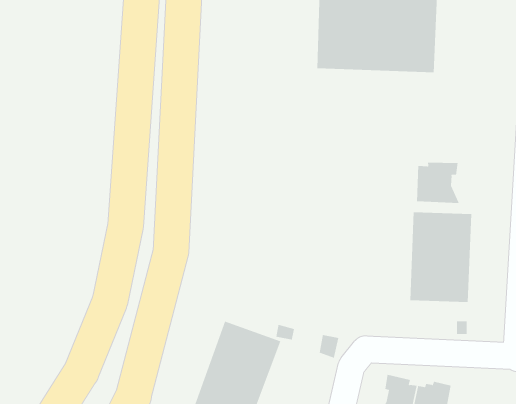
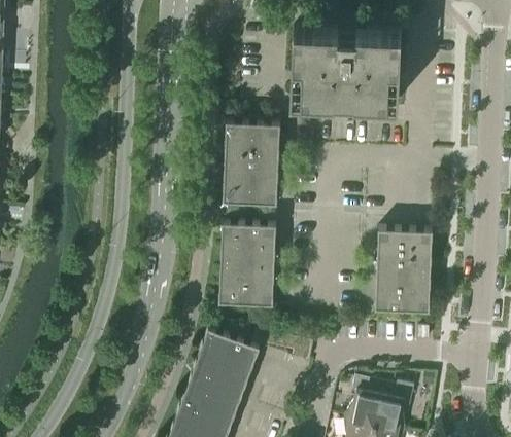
building: none -> [223,124,280,207]
building: [416,162,460,204] -> none
building: none -> [218,225,276,307]

